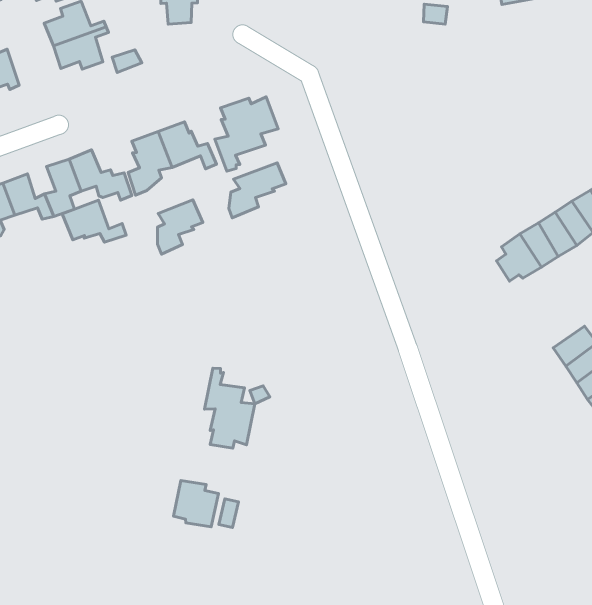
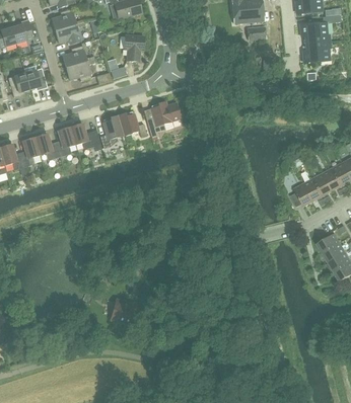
building: [229,163,286,218] -> none
building: [157,200,203,254] -> none
building: [62,200,126,242] -> none
building: [205,368,255,448] -> none

